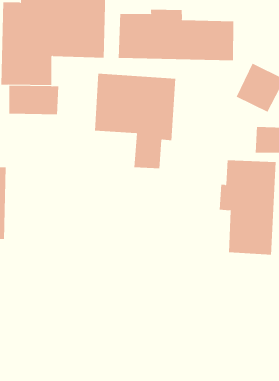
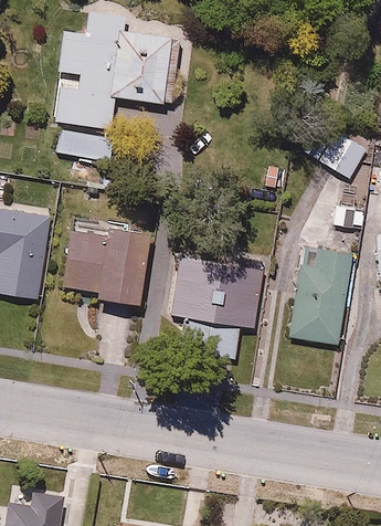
building: [118,9,234,61] -> none
building: [94,73,176,169] -> [168,249,265,362]
building: none -> [62,219,145,302]

